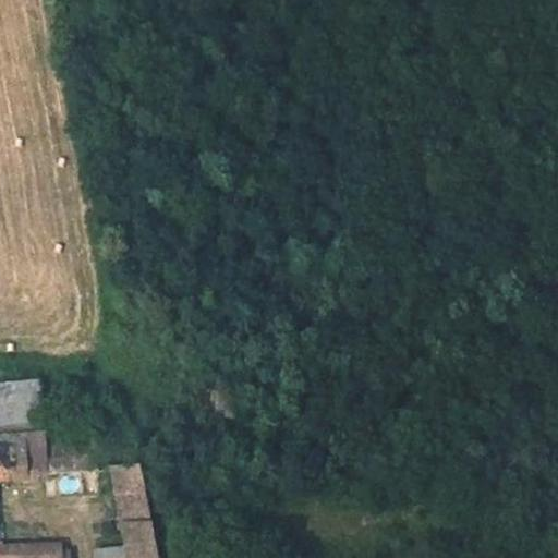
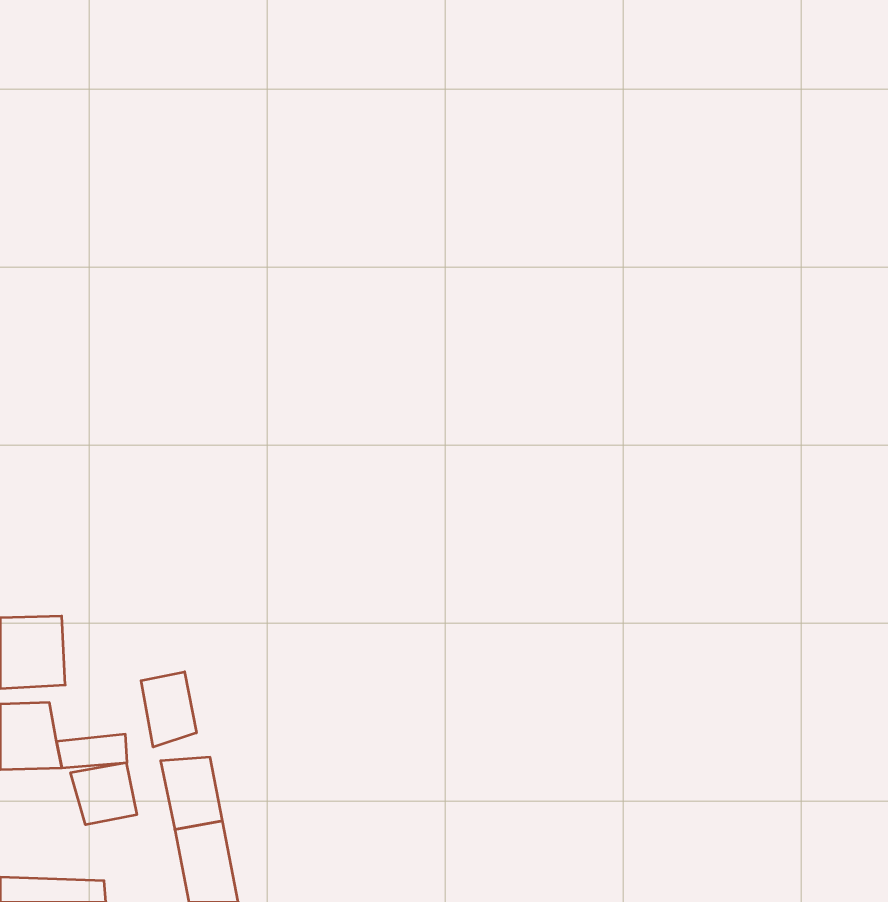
building: none -> [141,672,196,747]
building: none -> [71,763,137,825]

